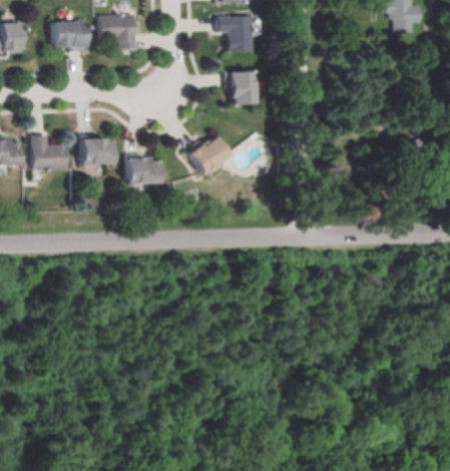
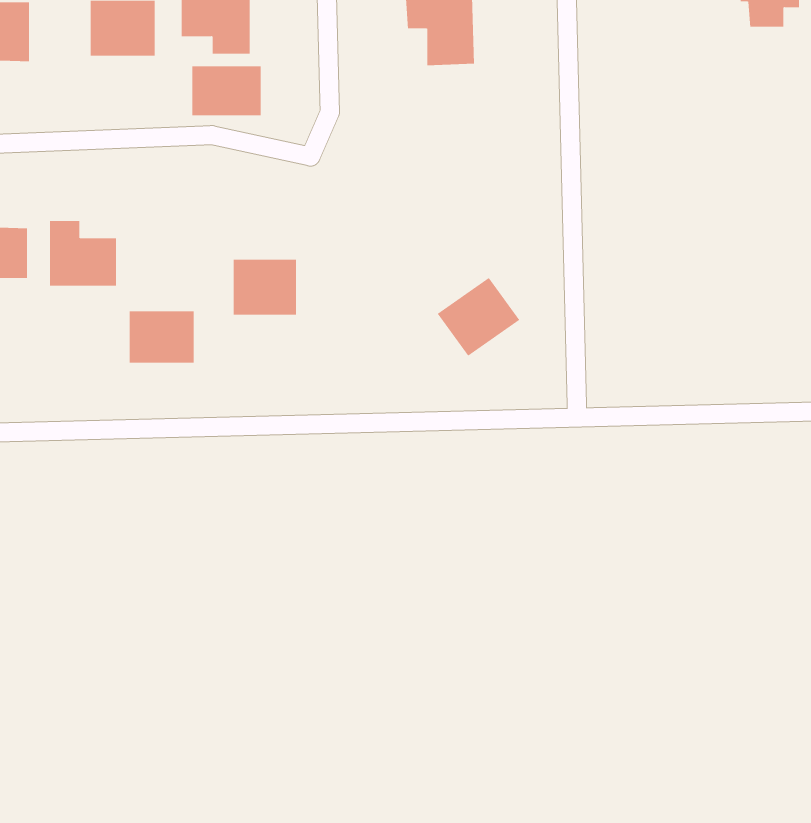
building: none -> [192,65,261,116]
building: [226,73,256,109] -> none
building: [187,133,231,174] -> [437,277,520,357]
building: [80,136,114,163] -> [129,311,194,363]

